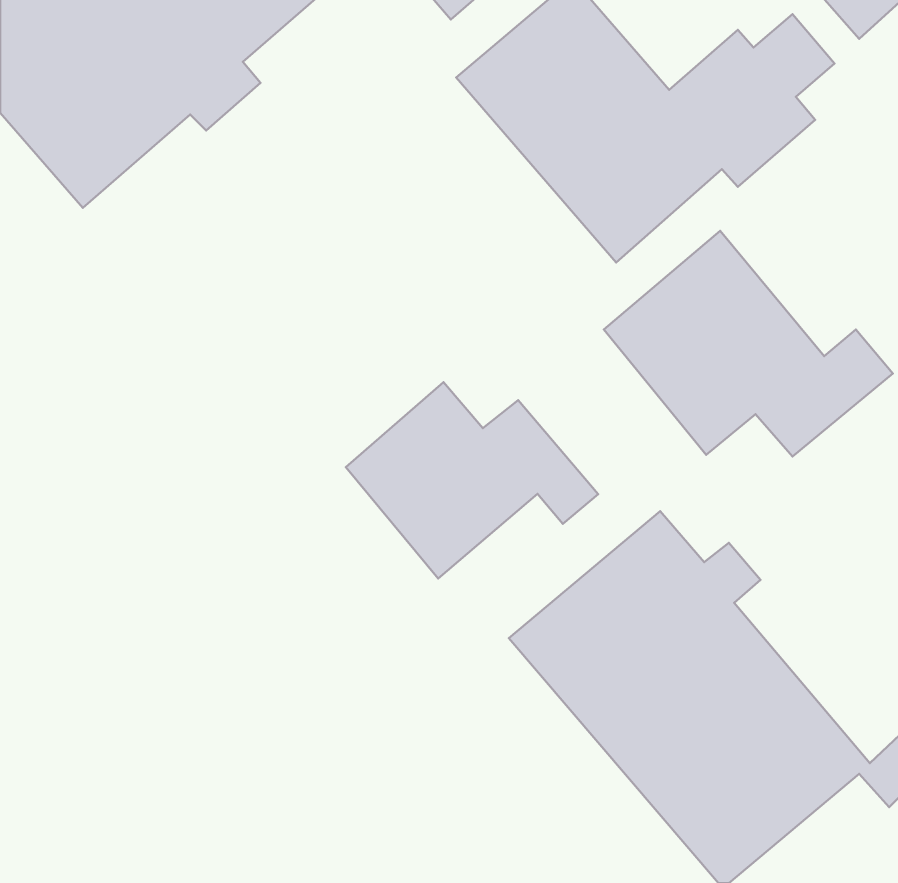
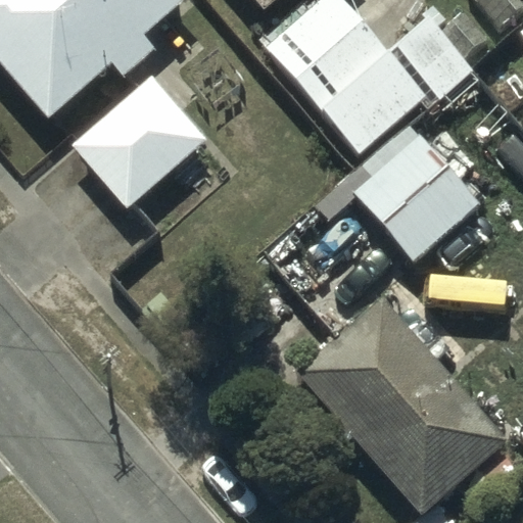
building: none -> [70,75,205,206]
building: [346,382,598,578] -> none

